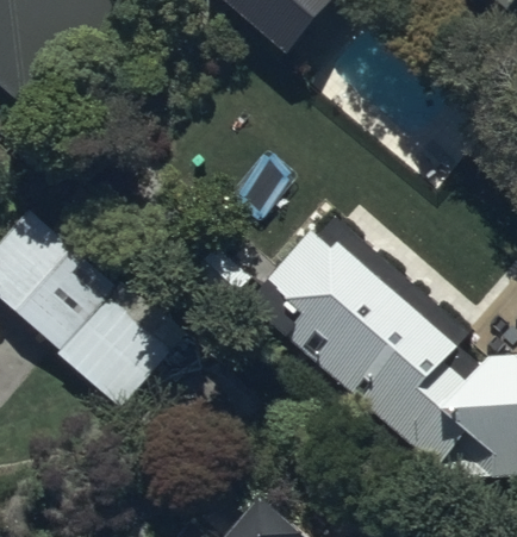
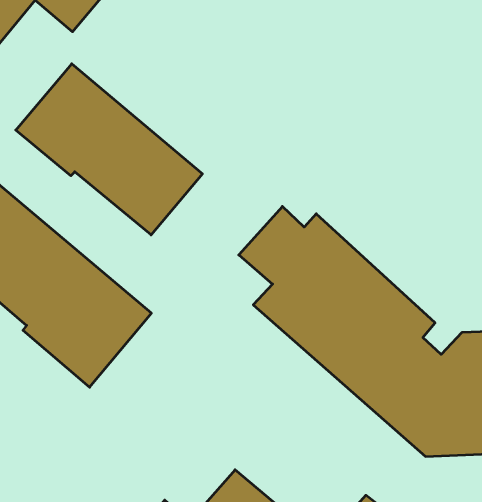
building: none -> [16,64,202,235]

